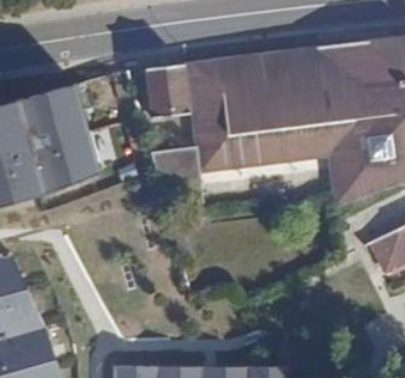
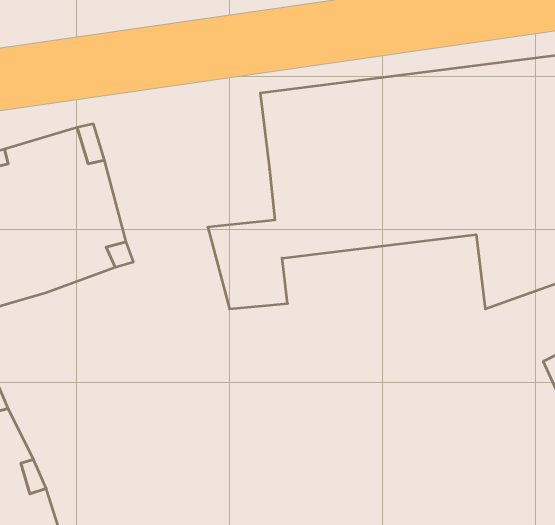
building: [145,63,191,118] -> none

